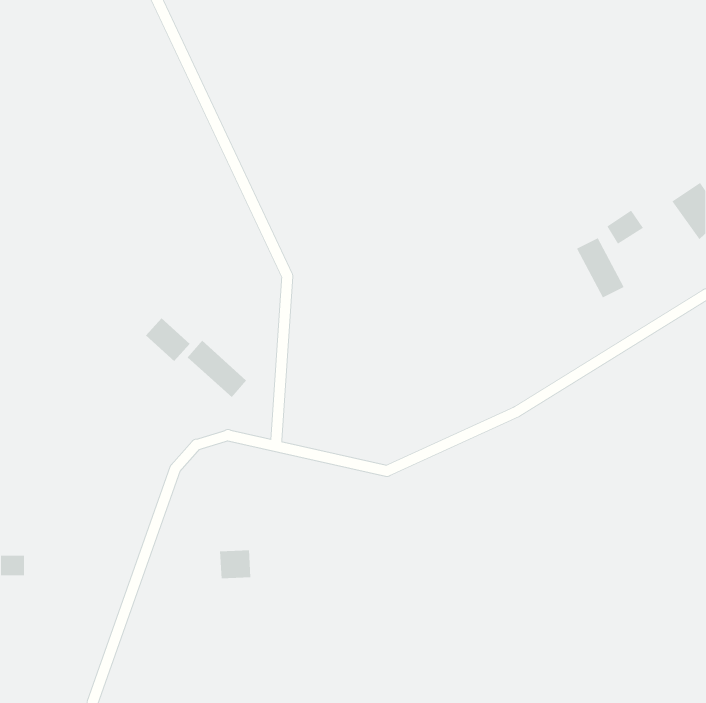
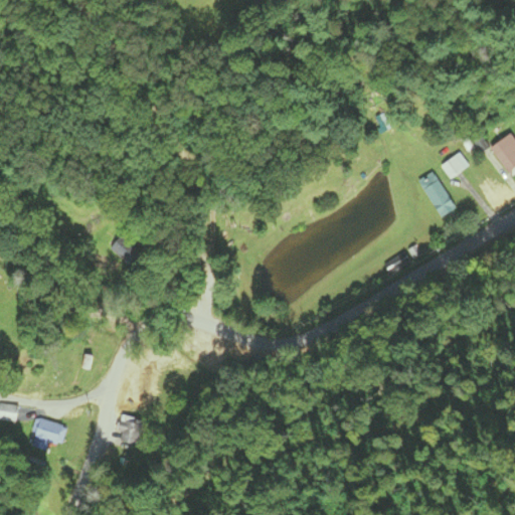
building: [187,340,247,398] -> none
building: [219,550,251,579] -> [119,420,142,442]
building: none -> [28,416,65,451]

